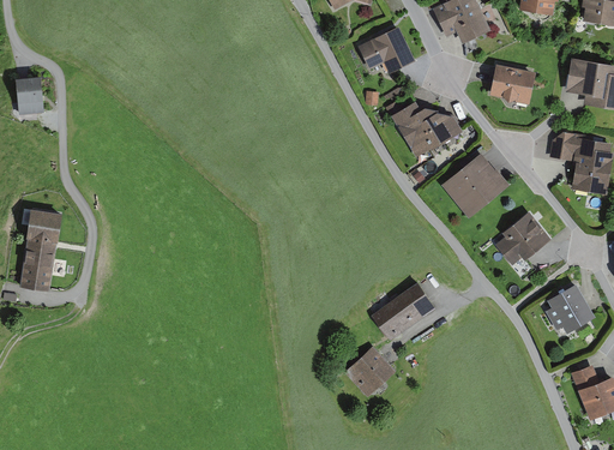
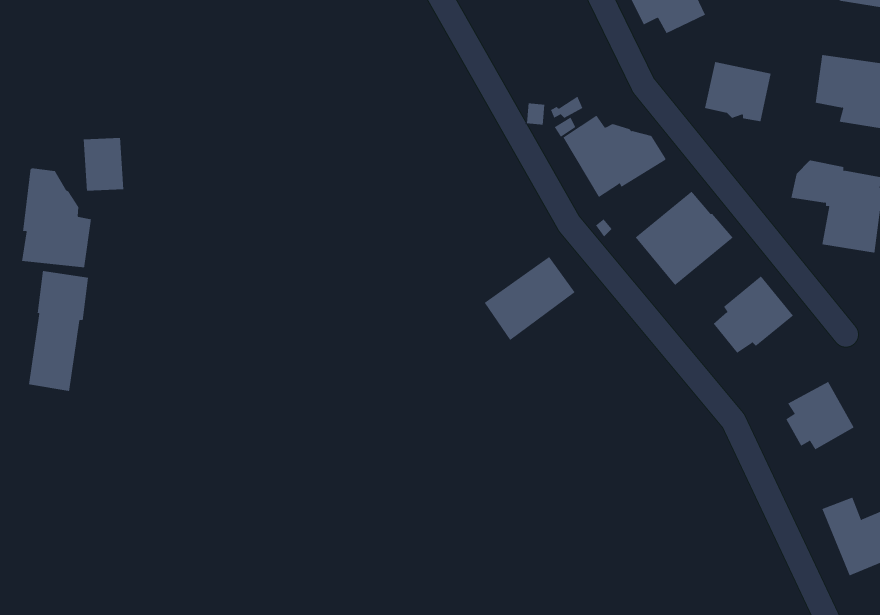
building: [359,26,415,73] -> none
building: [16,76,44,113] -> [83,138,124,191]
building: none -> [22,168,91,268]
building: [373,282,437,341] -> [484,256,576,341]
building: [345,347,397,397] -> none

